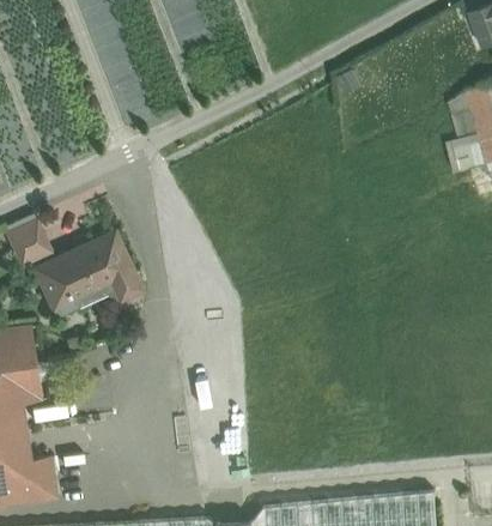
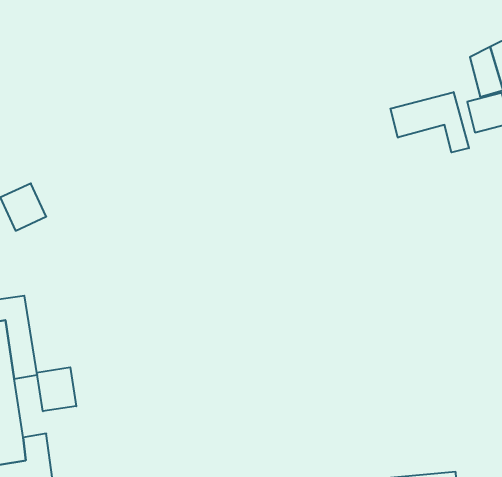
building: none -> [390,92,469,152]
building: [34,230,142,316] -> none
building: none -> [37,367,76,411]

